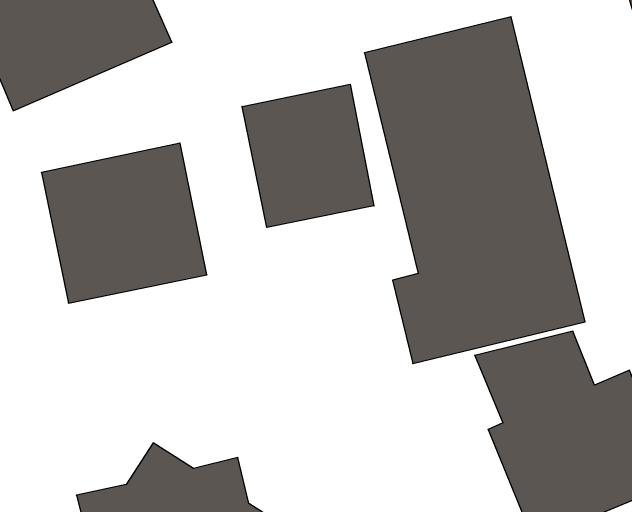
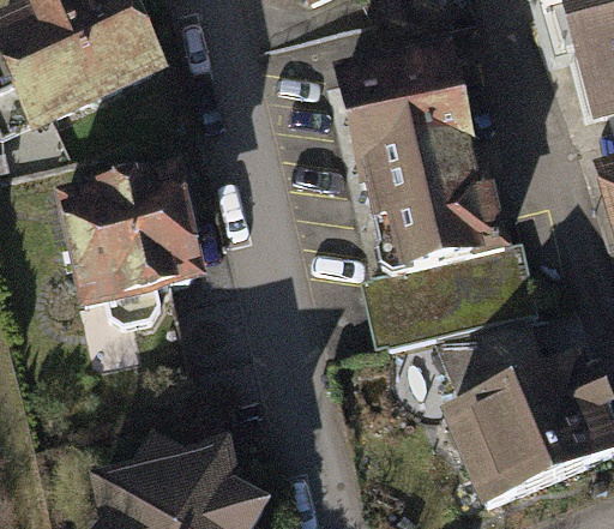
building: [242,84,374,227] -> none

